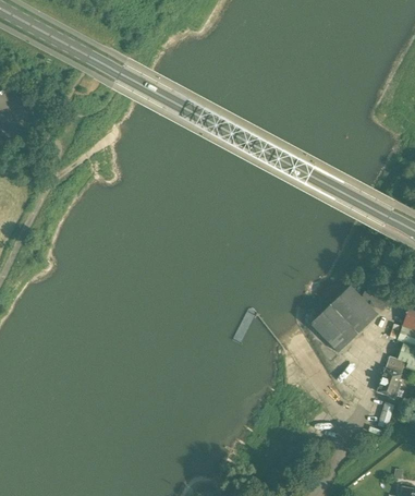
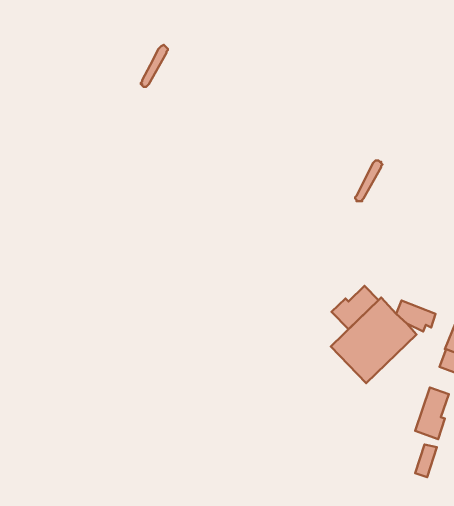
building: none -> [332,286,378,329]

